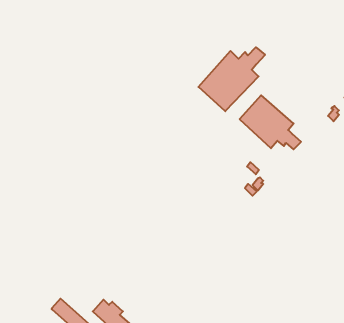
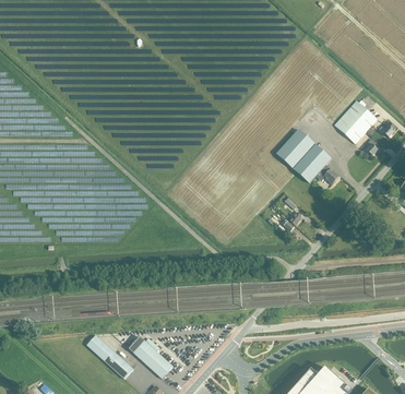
building: [198,47,265,111] -> none
building: none -> [333,102,377,144]

